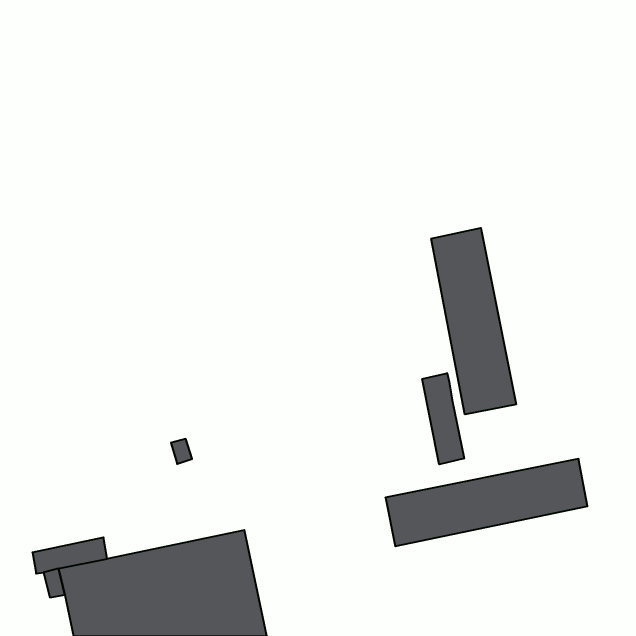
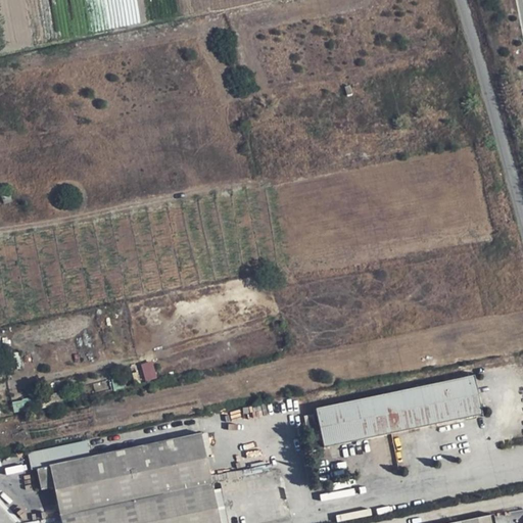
building: [431,228,516,414] -> none
building: [422,373,464,464] -> none

